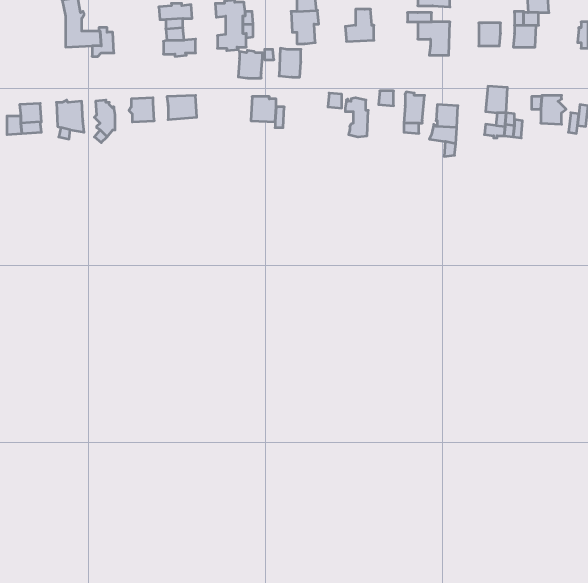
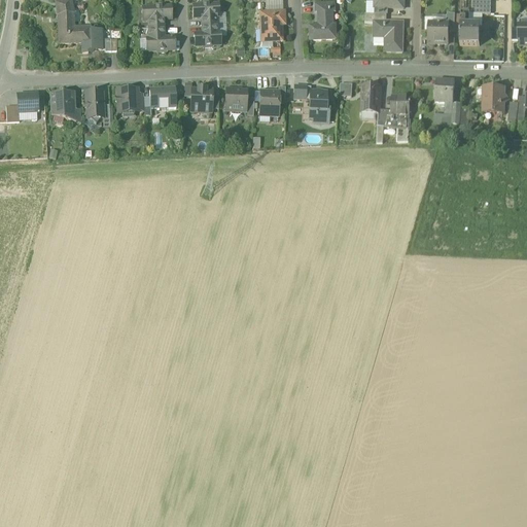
building: [279,48,301,77] -> [259,89,279,114]
building: [238,50,262,78] -> [190,85,212,110]

